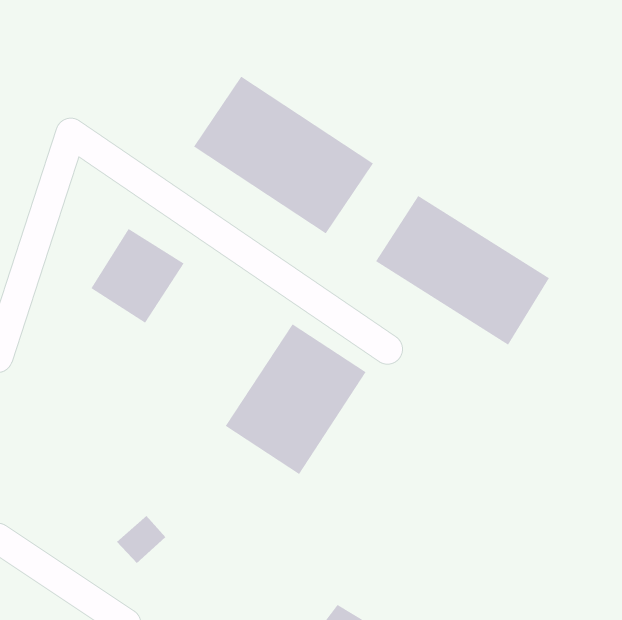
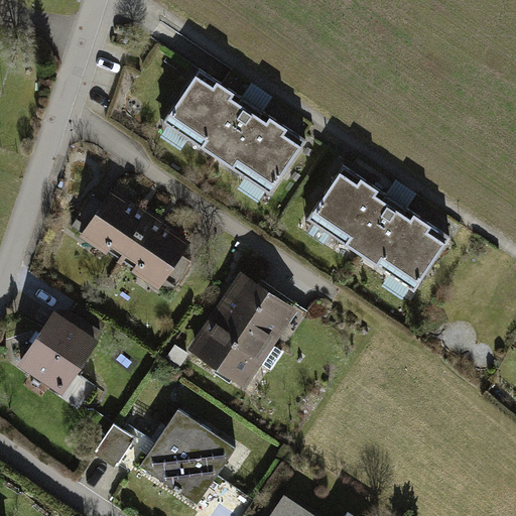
building: none -> [120,221,197,297]
building: none -> [7,304,104,405]
building: none -> [137,406,239,508]

